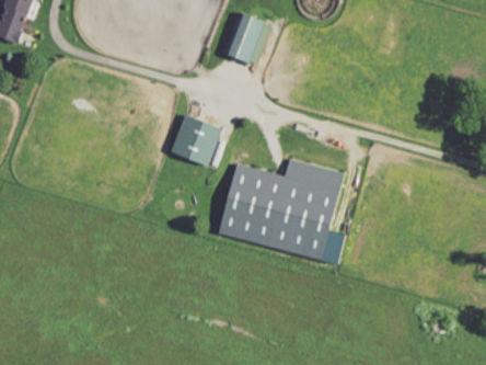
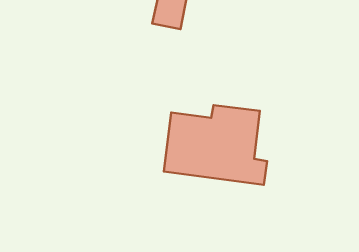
building: [172,115,222,164] -> none

